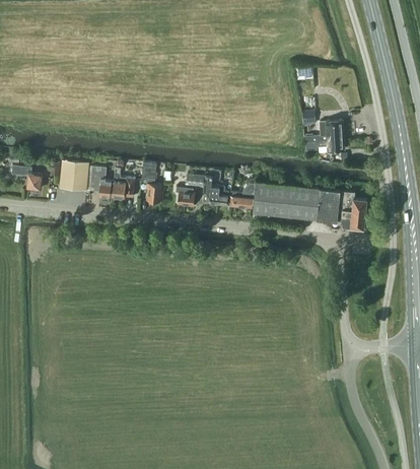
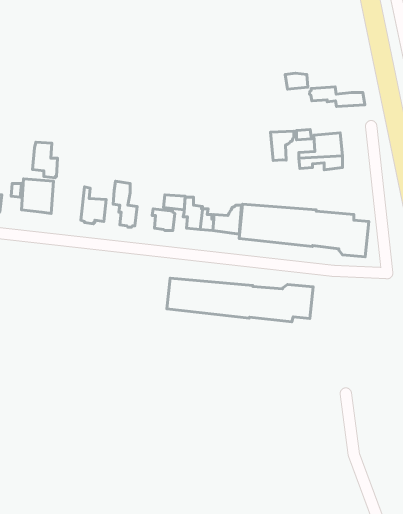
building: none -> [310,87,365,107]
building: none -> [271,131,294,161]
building: [89,166,112,198] -> [32,142,58,178]
building: none -> [167,278,313,322]

